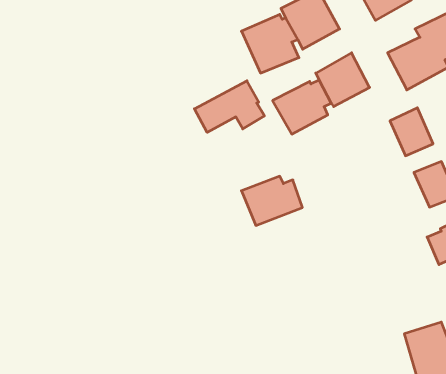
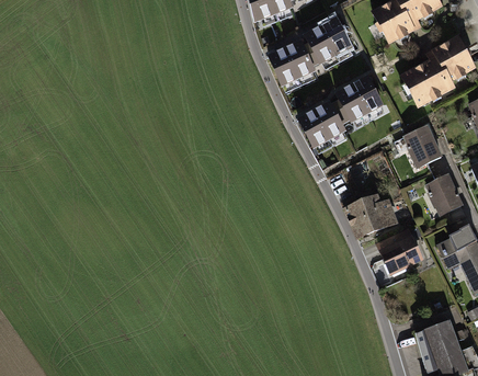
building: [194,81,264,132] -> none
building: [241,176,302,225] -> [343,194,399,239]
building: none -> [375,226,424,275]

